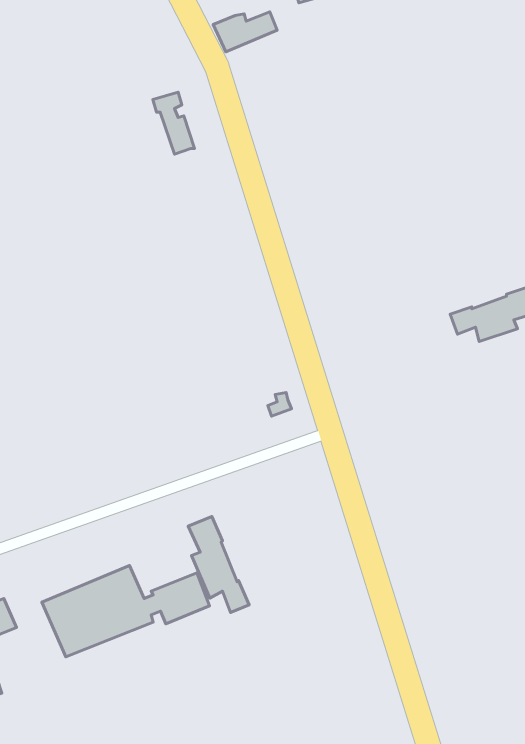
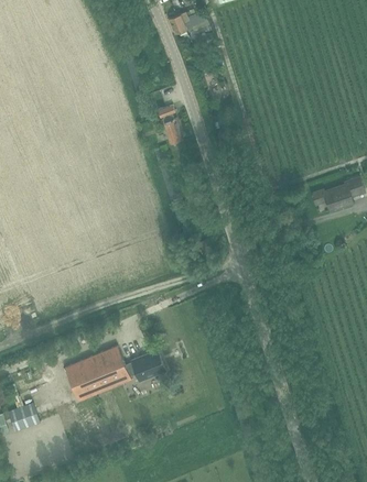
building: [153,92,195,154] -> [158,105,183,142]
building: [188,516,249,612] -> none

